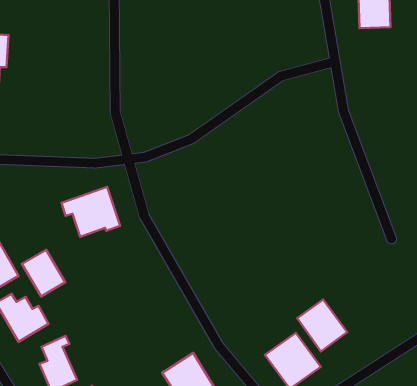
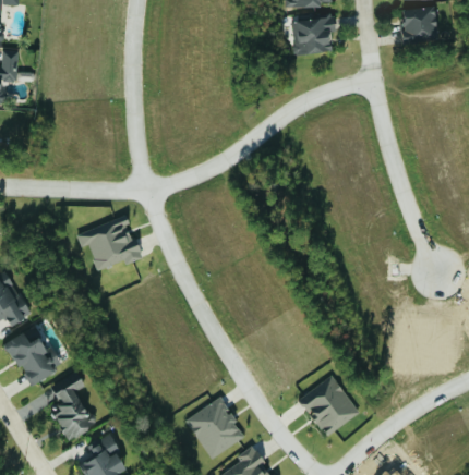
building: none -> [292,17,336,57]
building: [22,250,65,296] -> none
building: [297,300,347,352] -> none

